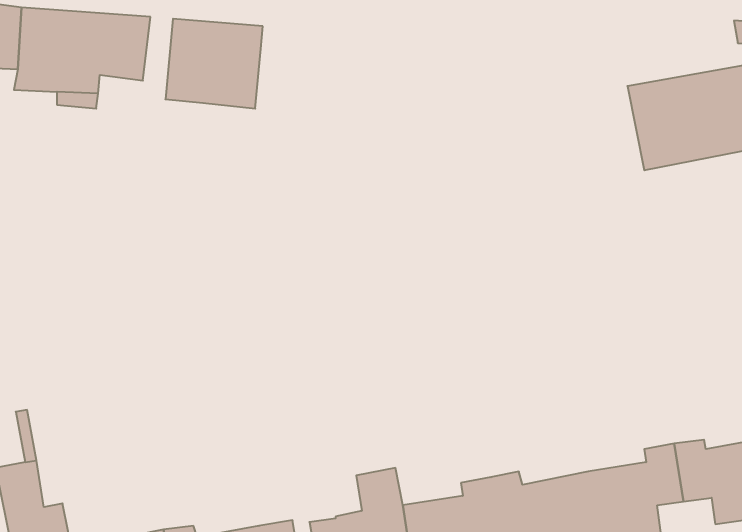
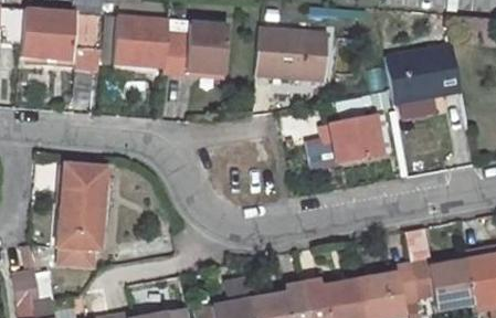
building: none -> [165,22,231,72]
building: none -> [257,28,329,83]
building: none -> [320,112,381,157]
building: none -> [57,162,105,250]

